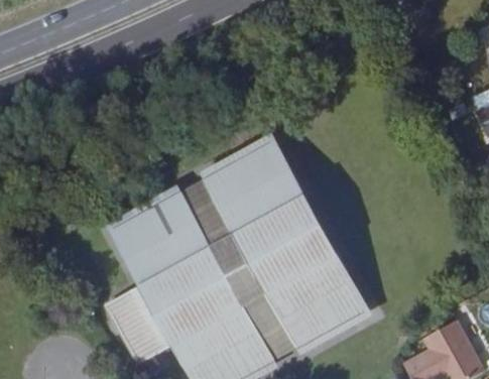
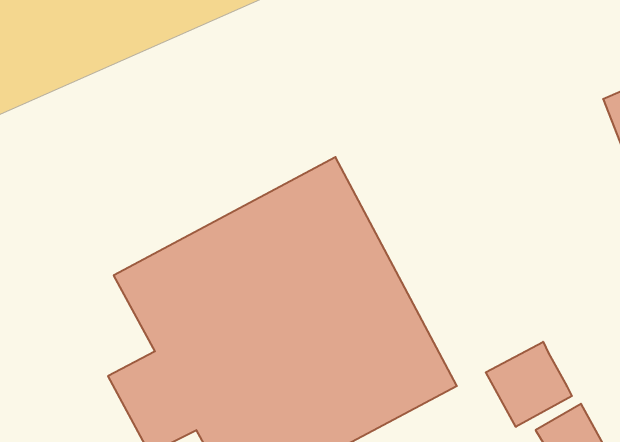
building: none -> [486,342,572,427]

